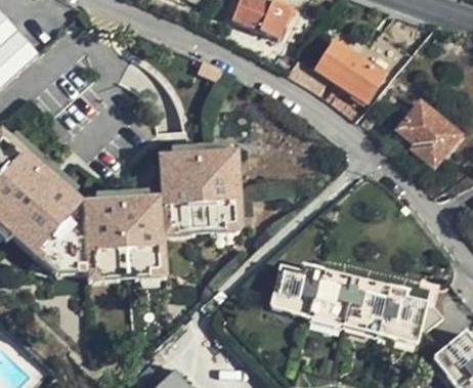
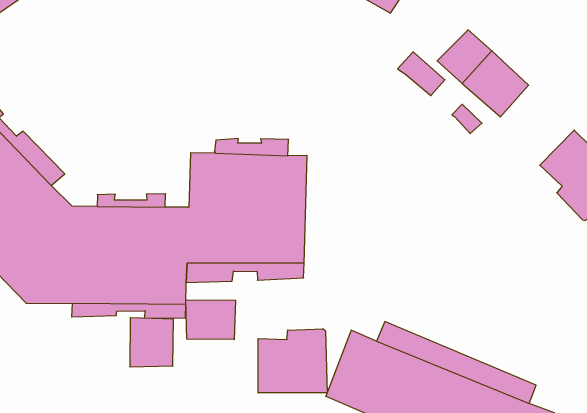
building: none -> [186,300,235,340]
building: none -> [258,329,327,393]
building: none -> [130,318,173,367]

